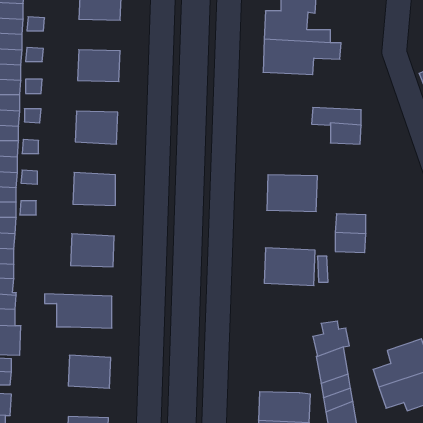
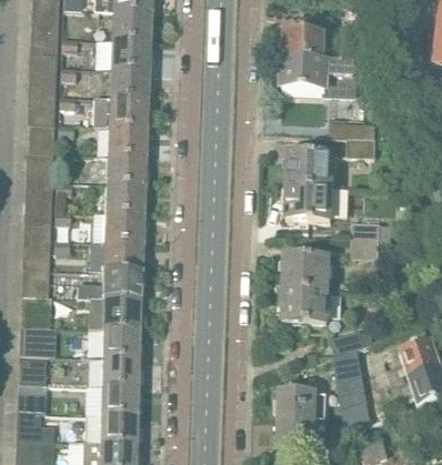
building: none -> [110,39,149,69]
building: none -> [108,97,148,127]
building: none -> [288,152,335,186]
building: none -> [106,154,145,185]
building: none -> [93,212,144,243]
building: none -> [69,271,142,300]
building: none -> [282,287,331,323]
building: none -> [101,328,141,357]
building: none -> [100,384,139,414]

